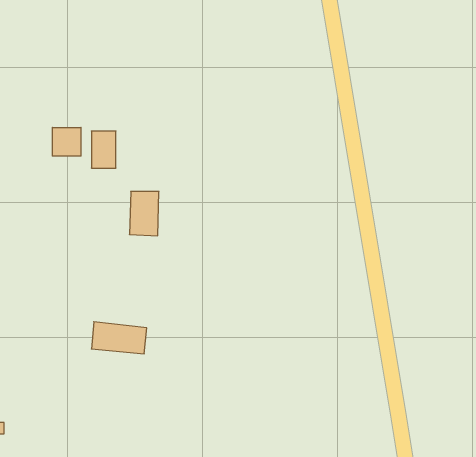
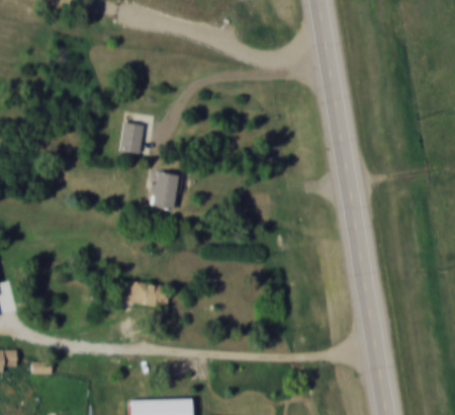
building: [52,127,81,156] -> none

